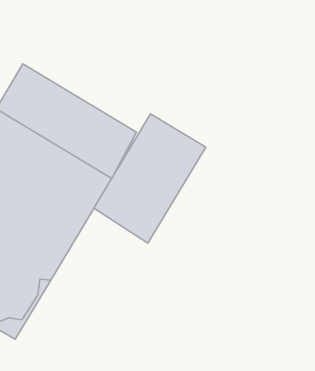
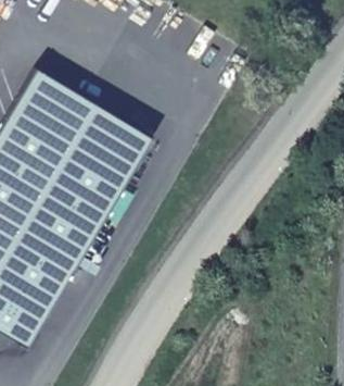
building: [94,114,206,243] -> none

